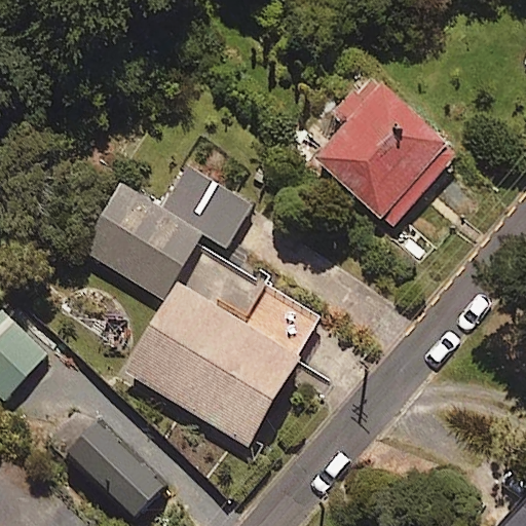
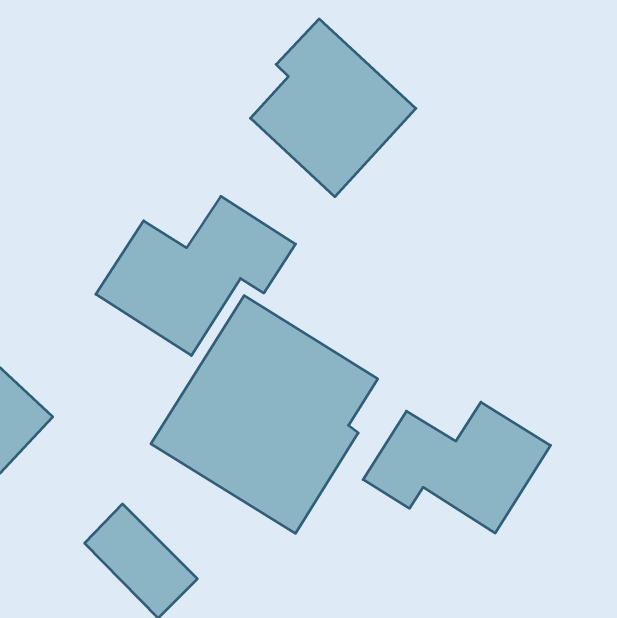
building: [316,77,455,226] -> [250,19,416,197]
building: none -> [363,402,551,533]

